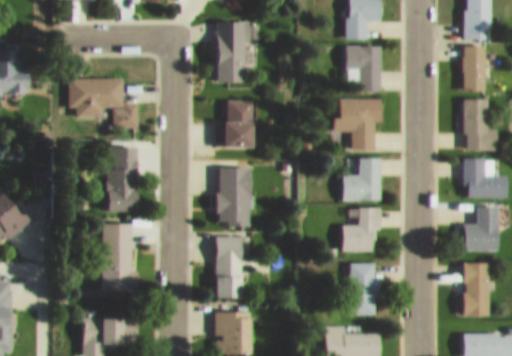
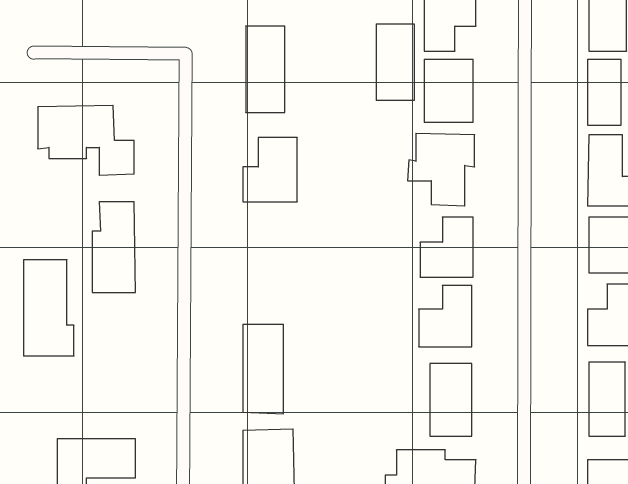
building: none -> [376,24,414,100]
building: [217,167,251,225] -> none
building: [102,223,138,292] -> [24,260,74,356]

